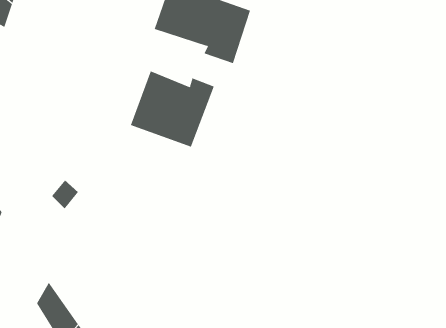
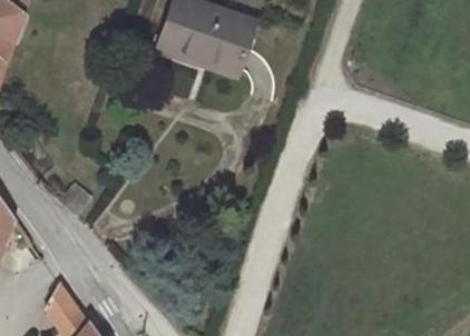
building: [130,70,214,147] -> none

